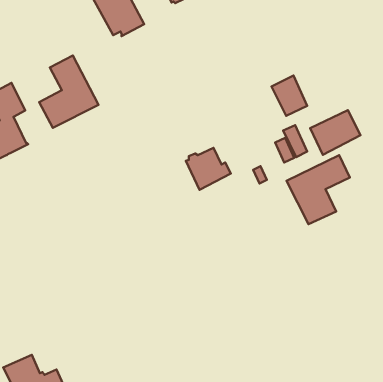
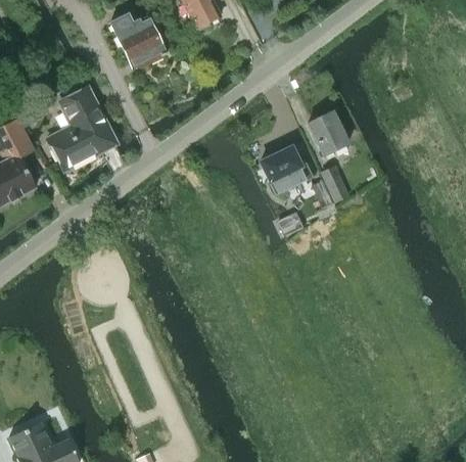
building: [310,110,360,155] -> none
building: [186,148,231,190] -> [262,146,312,193]
building: [287,155,350,224] -> none

